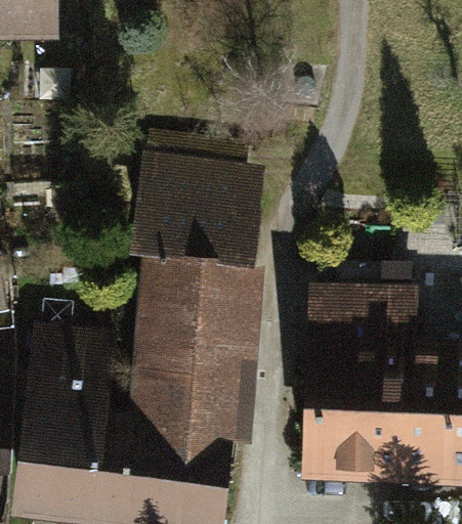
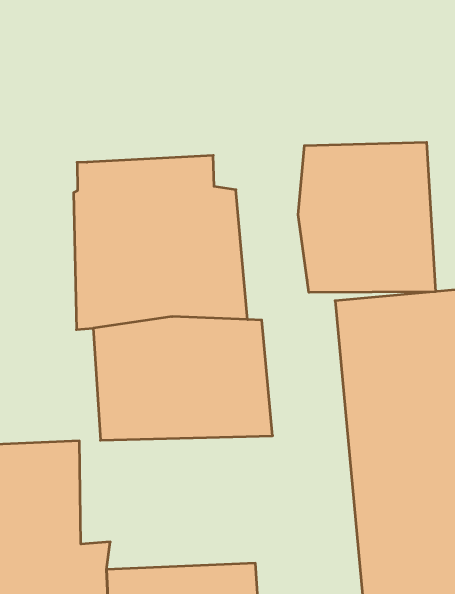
building: none -> [298,142,435,292]
building: [123,332,259,439] -> none

